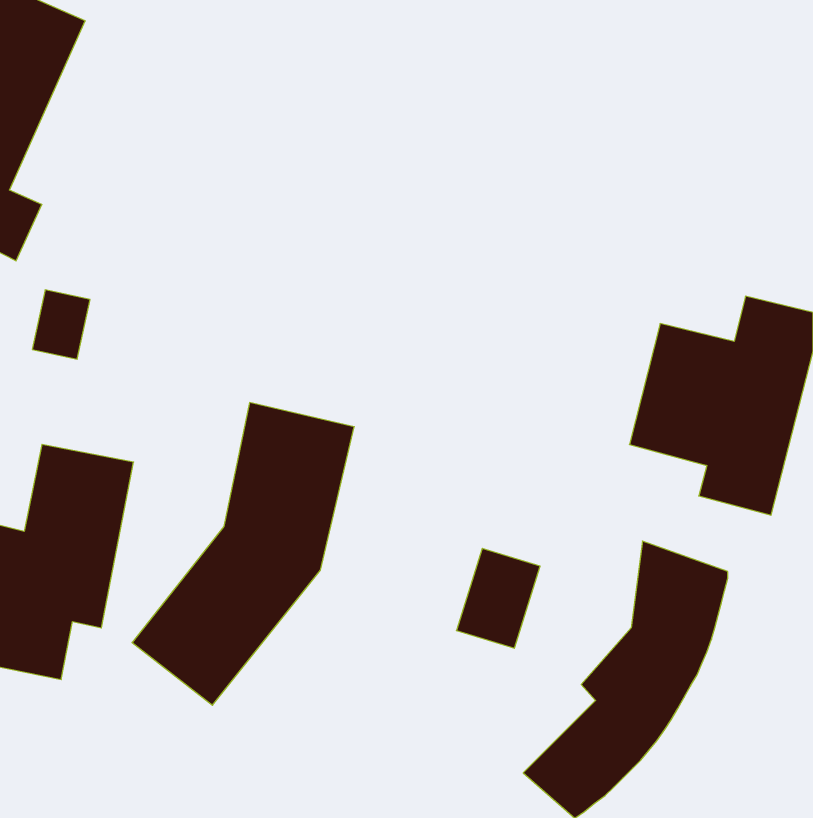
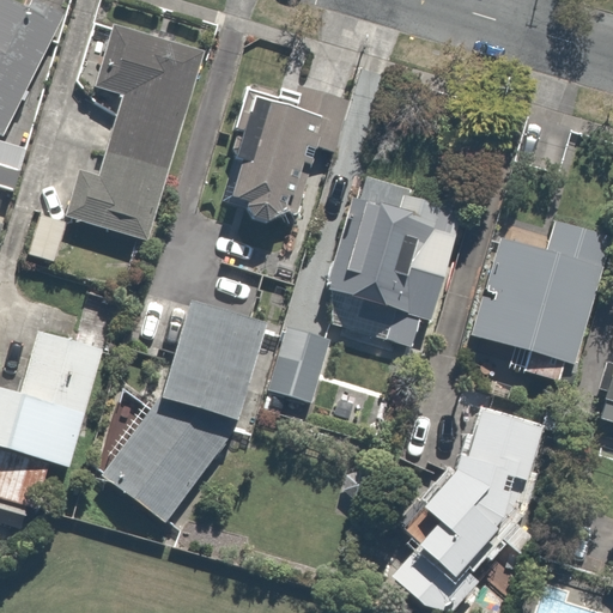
building: none -> [60,25,200,236]
building: none -> [231,98,322,216]
building: none -> [324,177,468,345]
building: [456,548,540,648] -> [268,330,330,405]

